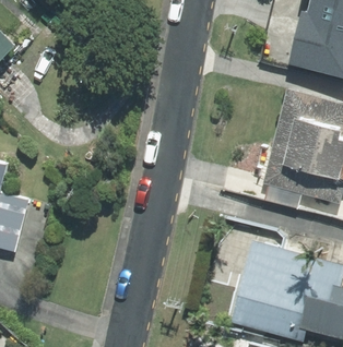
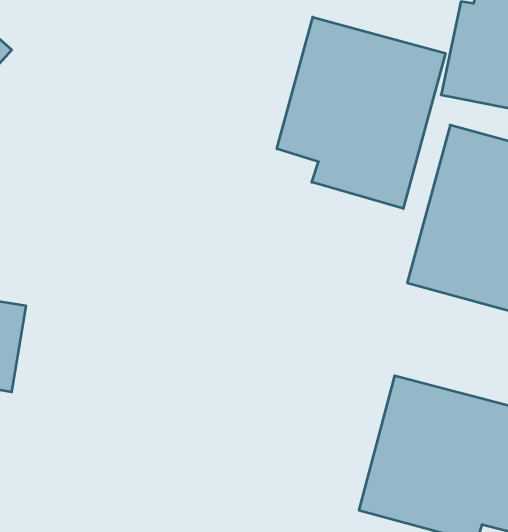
building: none -> [277,17,445,209]

